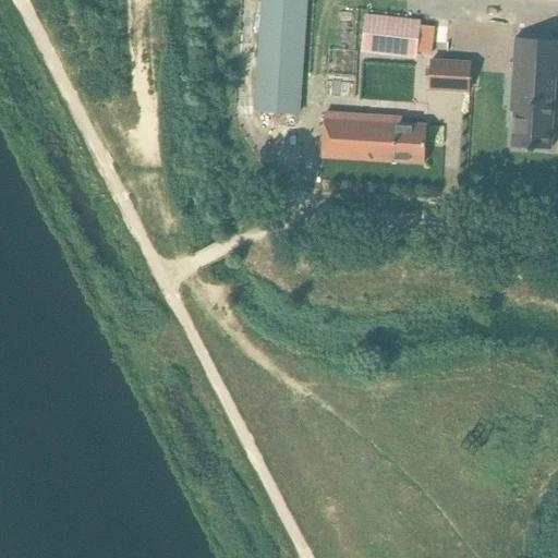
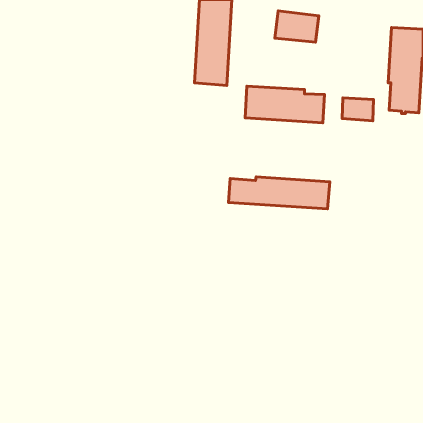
building: [429,60,471,90] -> [342,98,374,121]
building: none -> [229,177,330,209]

